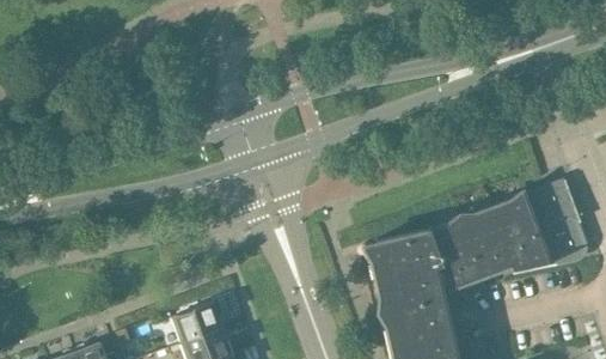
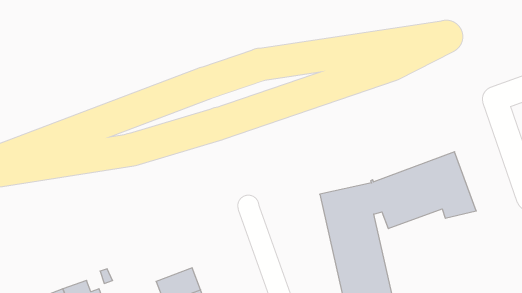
building: [525,181,583,263] -> none
building: [171,303,222,345] -> none

